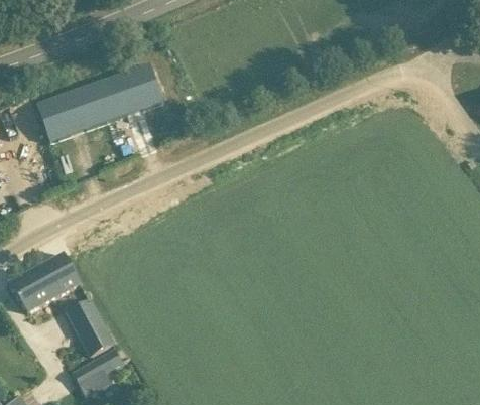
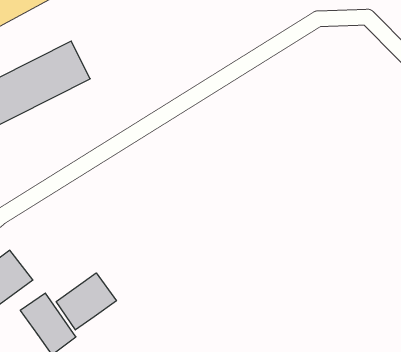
building: none -> [56,273,116,330]

